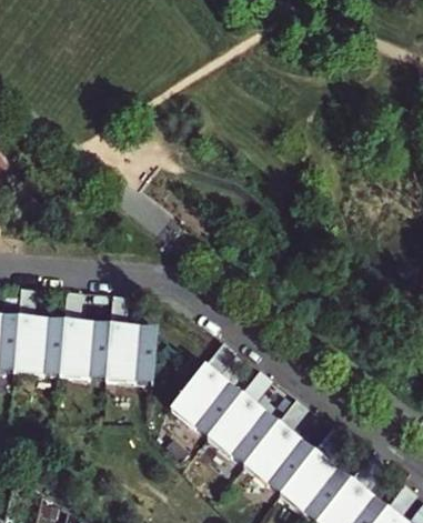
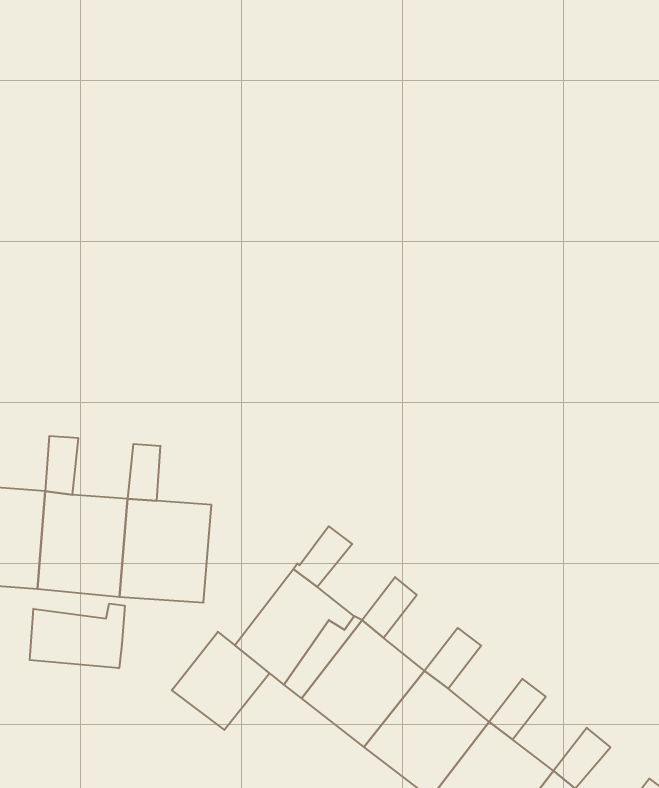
building: none -> [30,604,125,668]
building: none -> [172,632,269,730]

